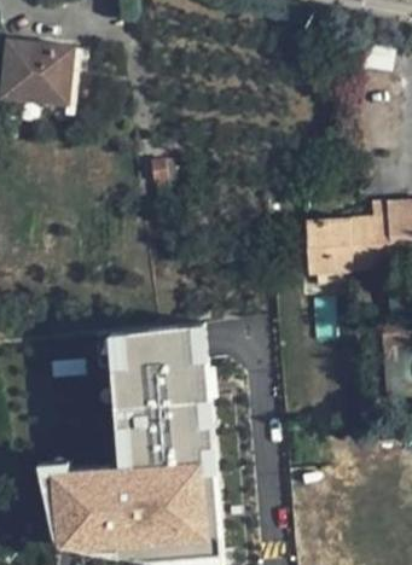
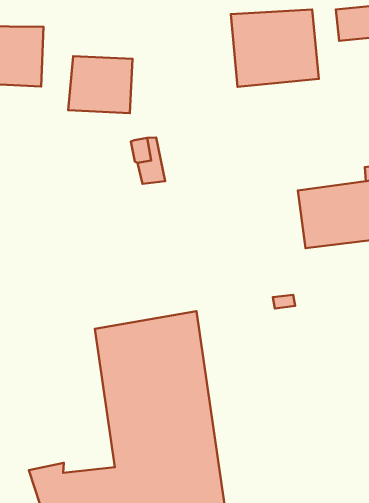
building: none -> [231,9,319,87]
building: none -> [68,56,132,113]

